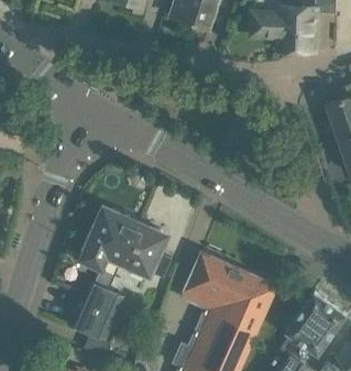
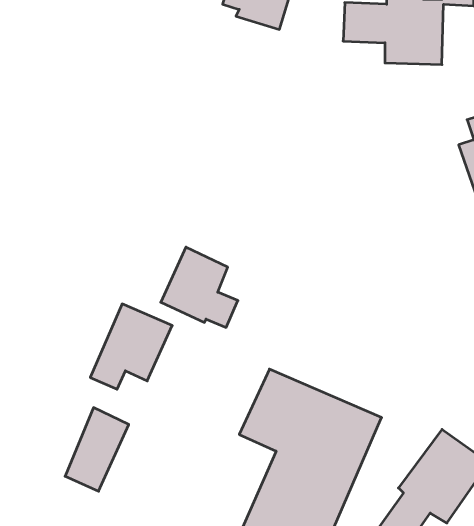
building: [121,225,172,277] -> [161,247,238,327]
building: [89,290,125,341] -> none

